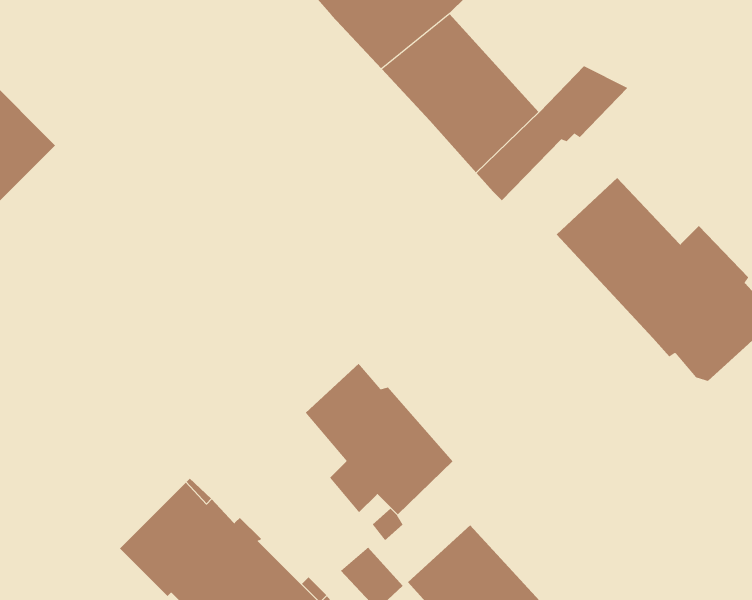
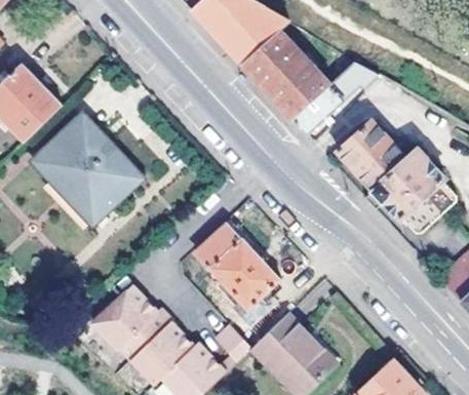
building: none -> [35,119,133,220]

